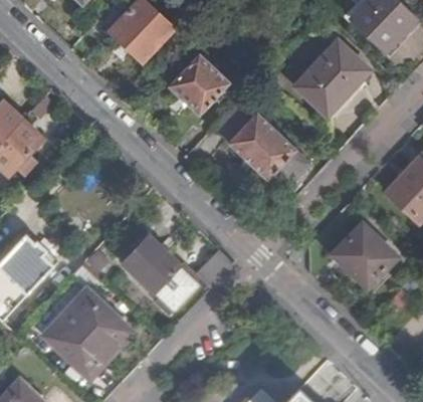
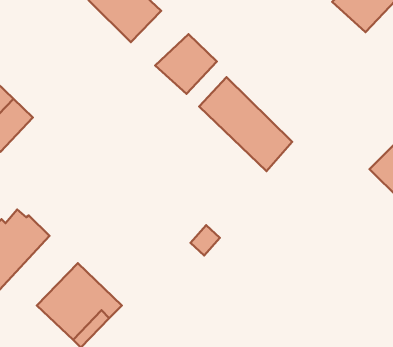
building: [295,40,370,116] -> none
building: [333,225,398,289] -> none
building: [125,237,199,312] -> none

